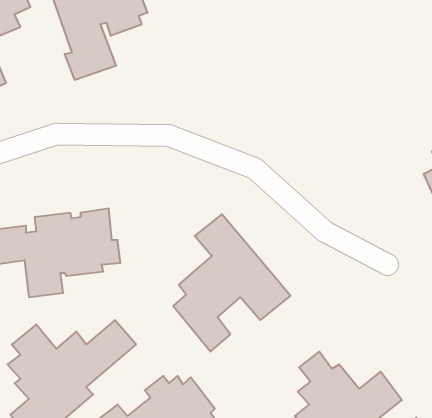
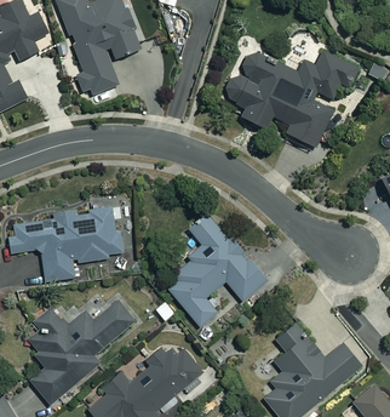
building: none -> [224,50,362,147]

